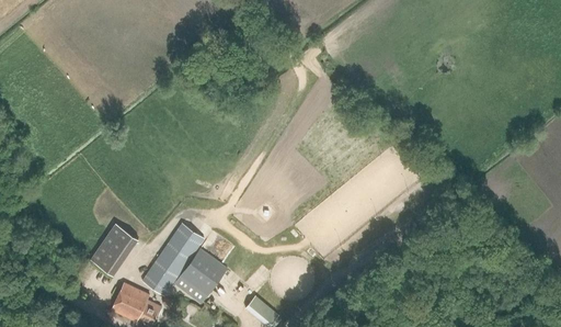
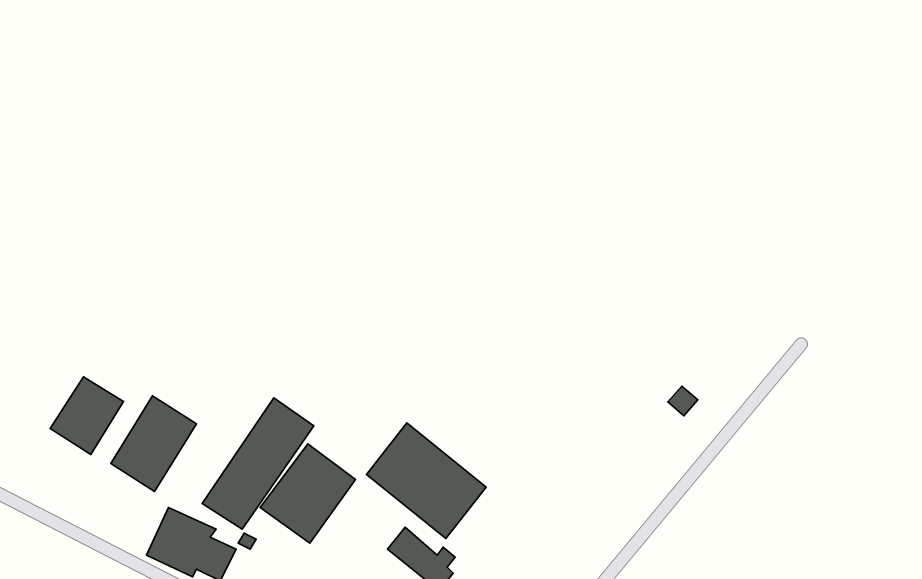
building: none -> [50,377,124,455]
building: none -> [366,423,486,539]

